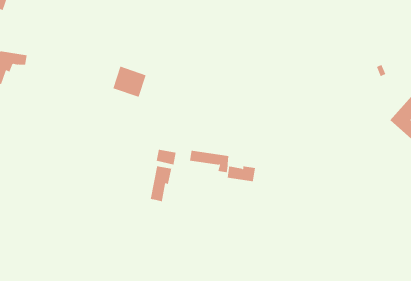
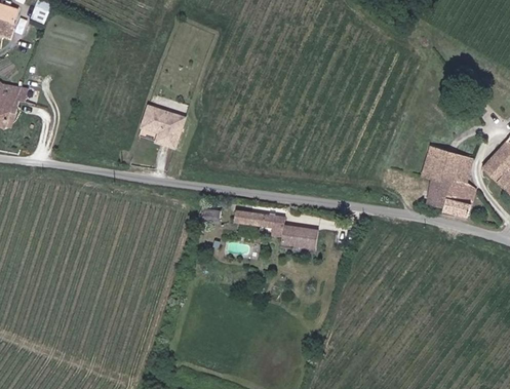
building: none -> [423,148,476,216]
building: [150,166,172,202] -> none

